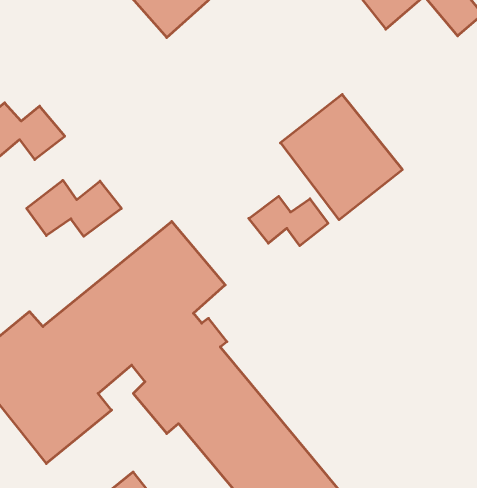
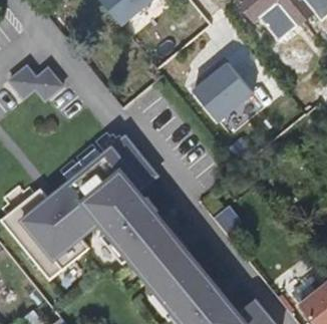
building: [27,180,121,236] -> none
building: [249,196,328,246] -> none

